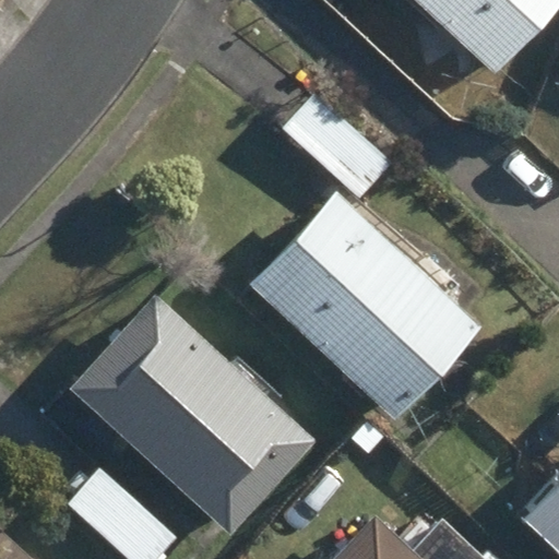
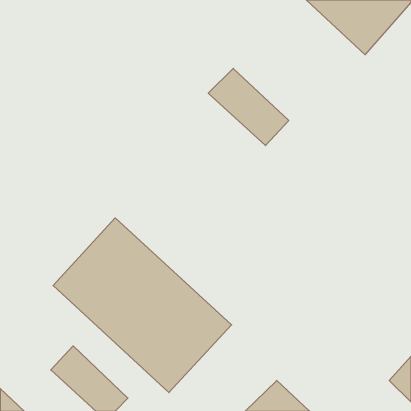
building: [253,195,480,418] -> none

